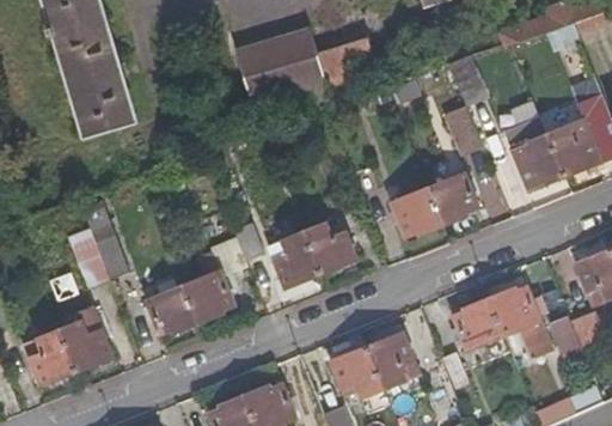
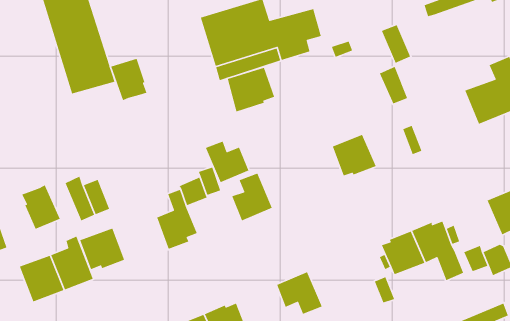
building: none -> [110,58,148,101]
building: none -> [227,67,275,112]
building: [504,114,564,188] -> none
building: [428,171,478,223] -> none
building: [305,221,357,272] -> [205,140,250,183]
building: none -> [21,184,61,230]
building: [146,282,200,333] -> [79,228,125,270]
building: [363,331,417,388] -> none

